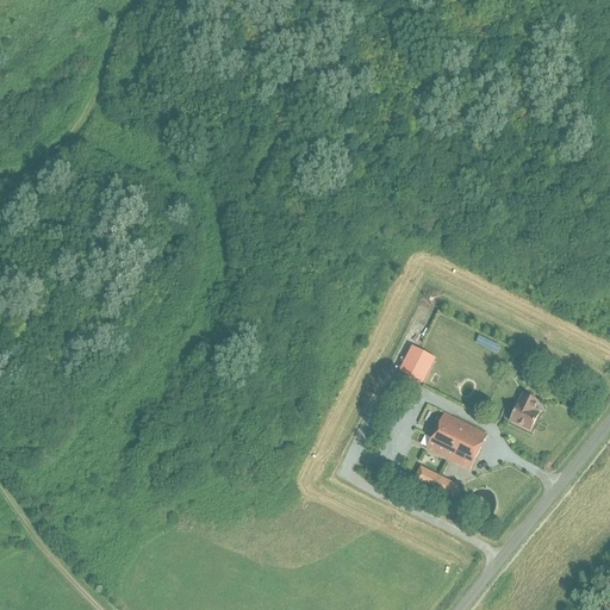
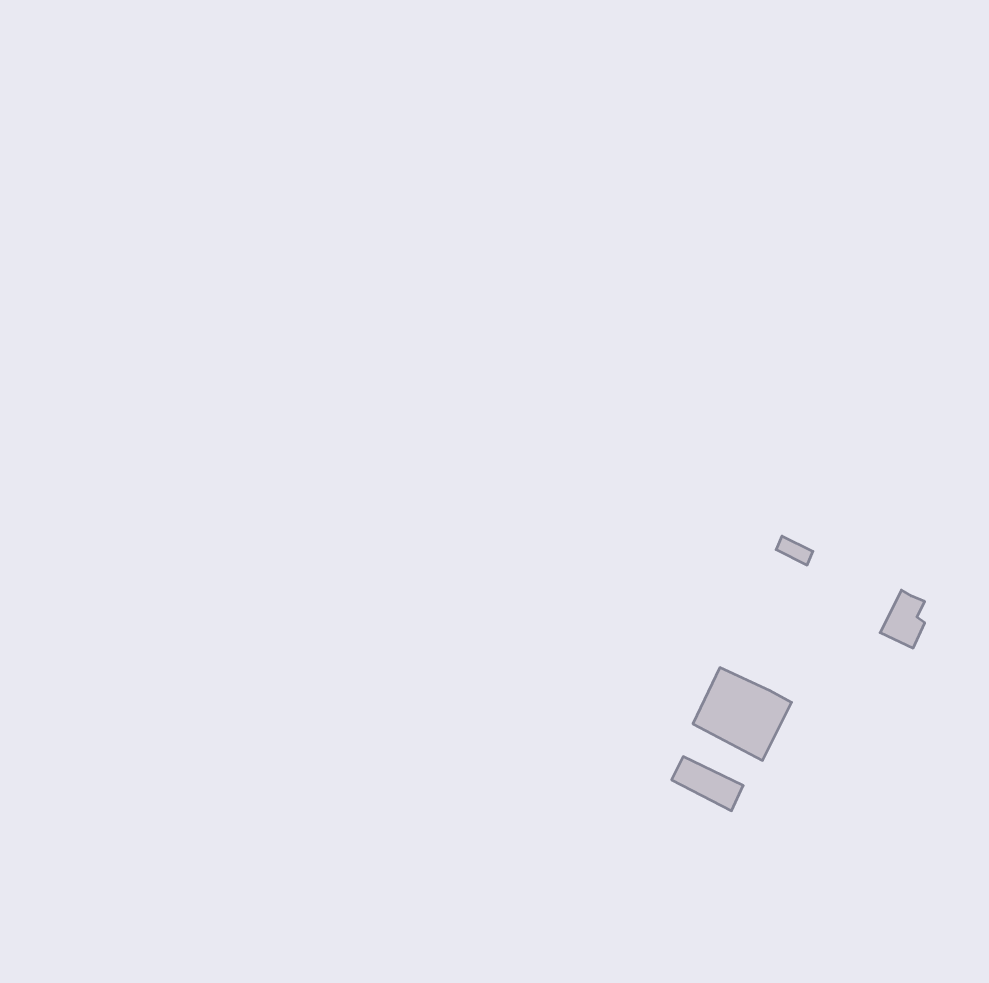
building: [399,344,436,381] -> none
building: [510,392,537,428] -> [880,590,925,648]

